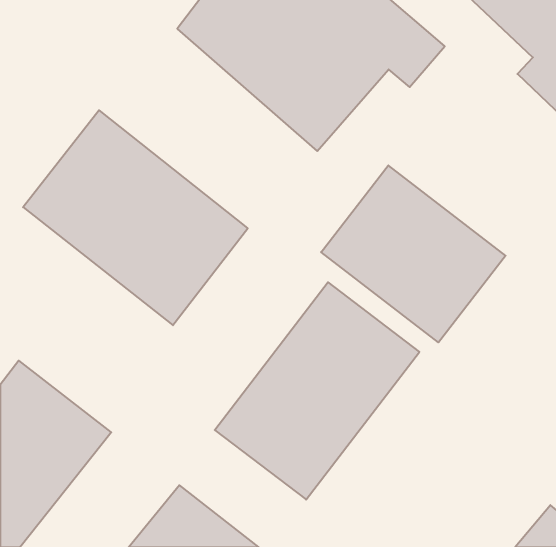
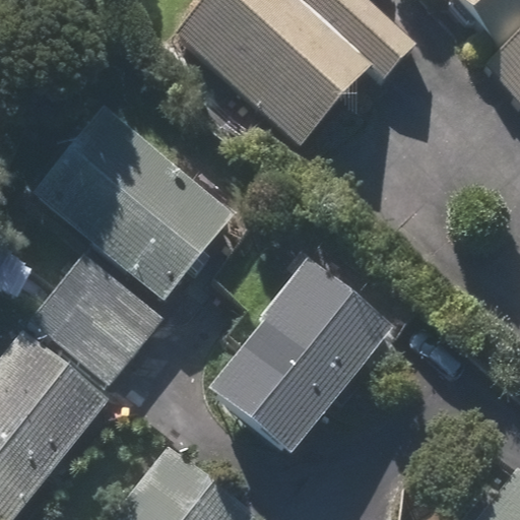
building: [321,165,506,342] -> none
building: none -> [28,254,159,383]

